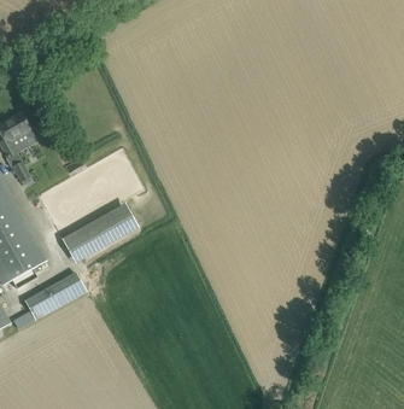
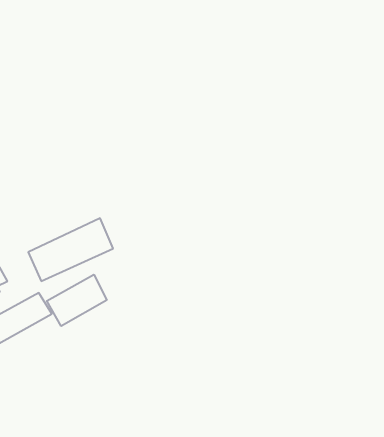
building: none -> [47,275,107,326]

